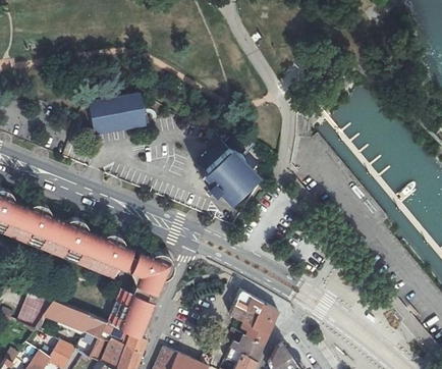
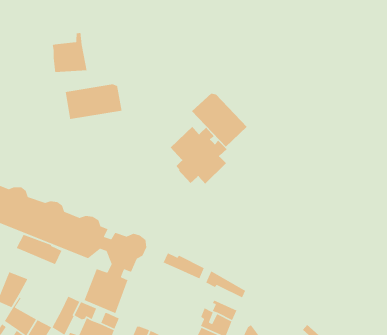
building: none -> [52,32,88,73]
building: none -> [191,93,248,147]
building: [43,300,92,332] -> [15,234,63,265]
building: [229,304,273,332] -> [163,252,205,280]

